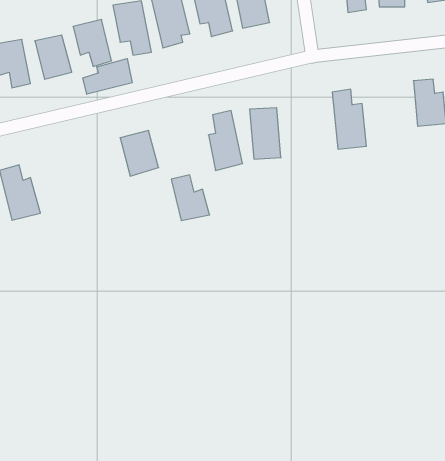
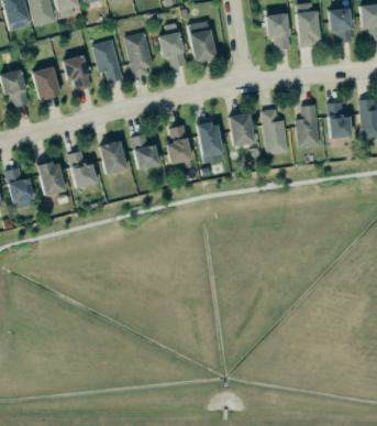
building: [83,59,132,94] -> none
building: none -> [297,106,320,148]
building: none -> [228,111,253,145]
building: none -> [70,152,97,188]
building: none -> [40,162,65,196]
building: [171,175,210,221] -> [131,134,160,170]

